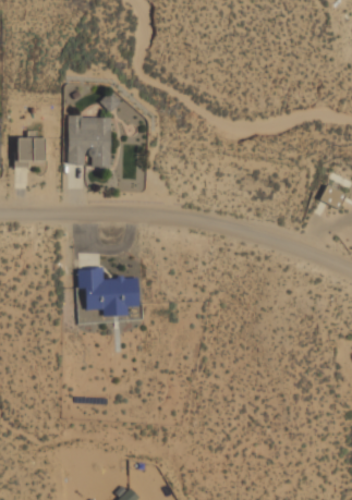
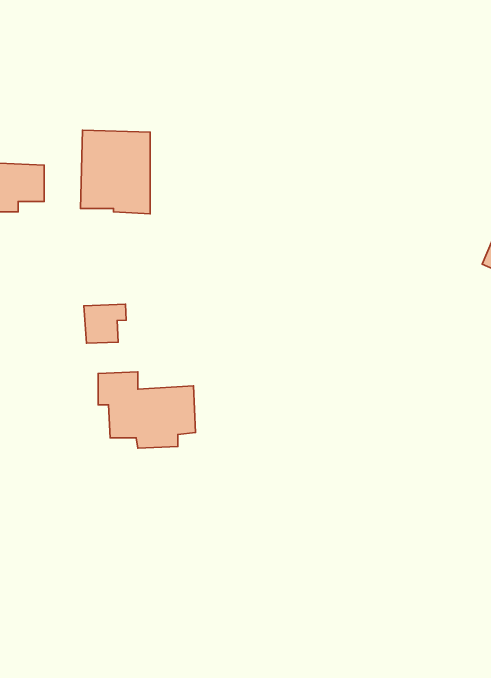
building: none -> [84,304,126,343]

